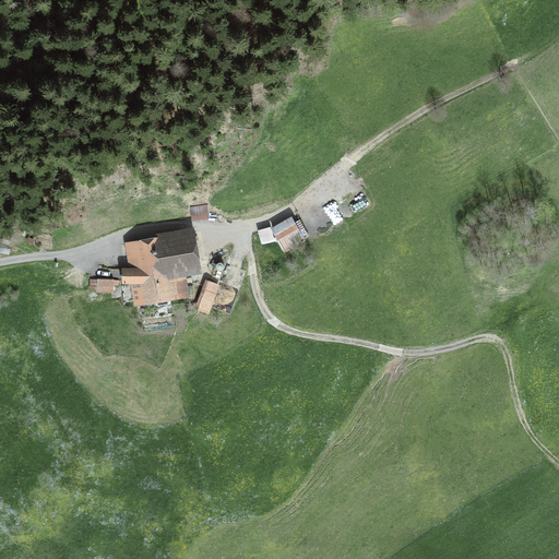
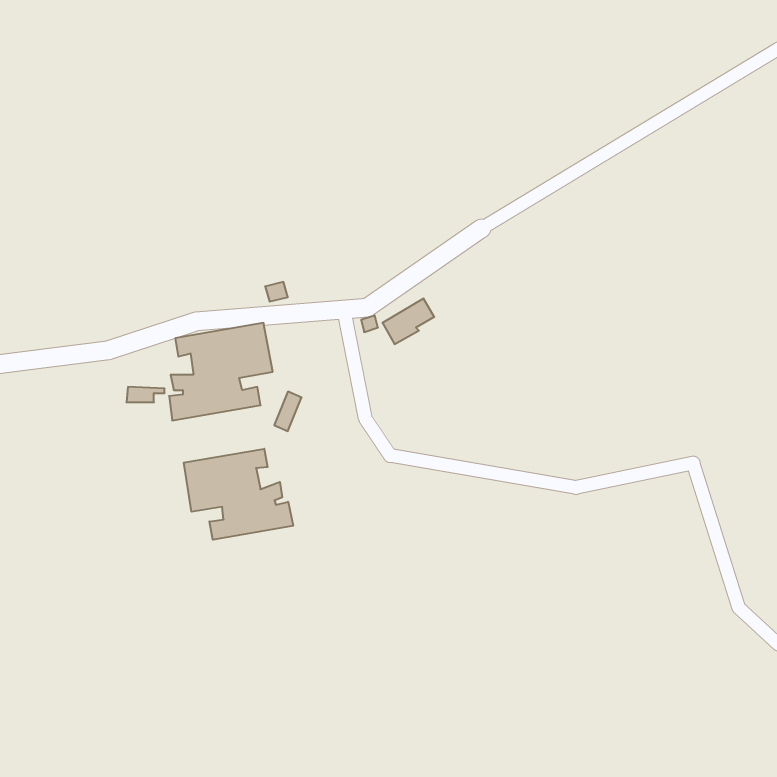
building: none -> [184,449,293,540]

